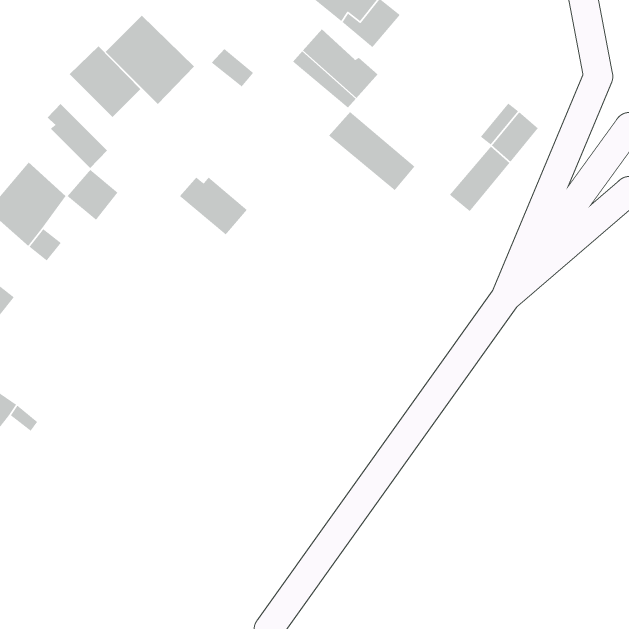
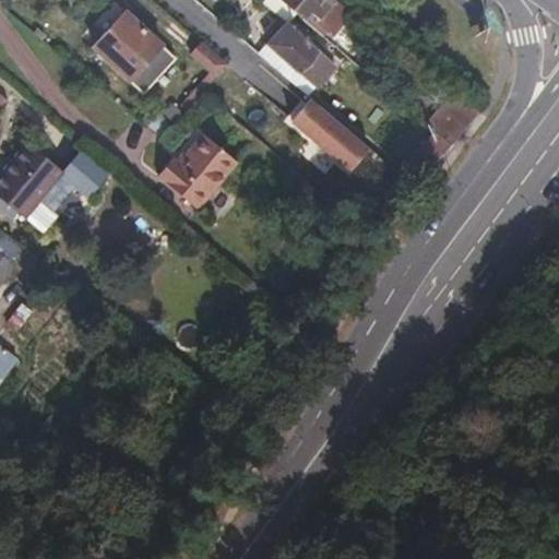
building: [69,45,141,118] -> none
building: [47,103,108,169] -> none
building: none -> [185,132,239,186]

